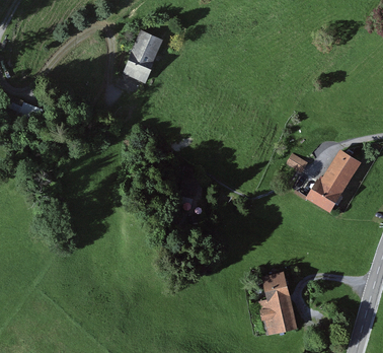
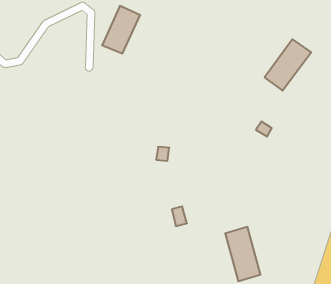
building: [309,152,360,208] -> [265,39,311,91]

